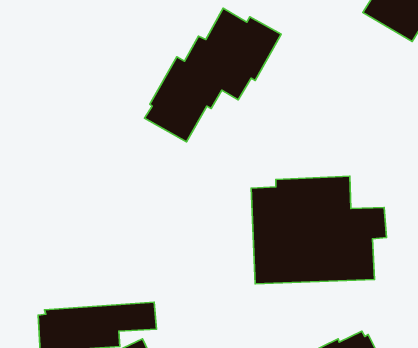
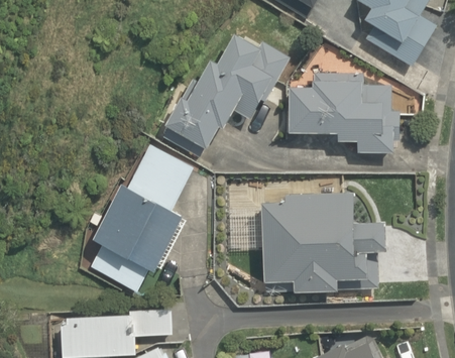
building: none -> [290,75,399,152]
building: none -> [90,141,196,290]

